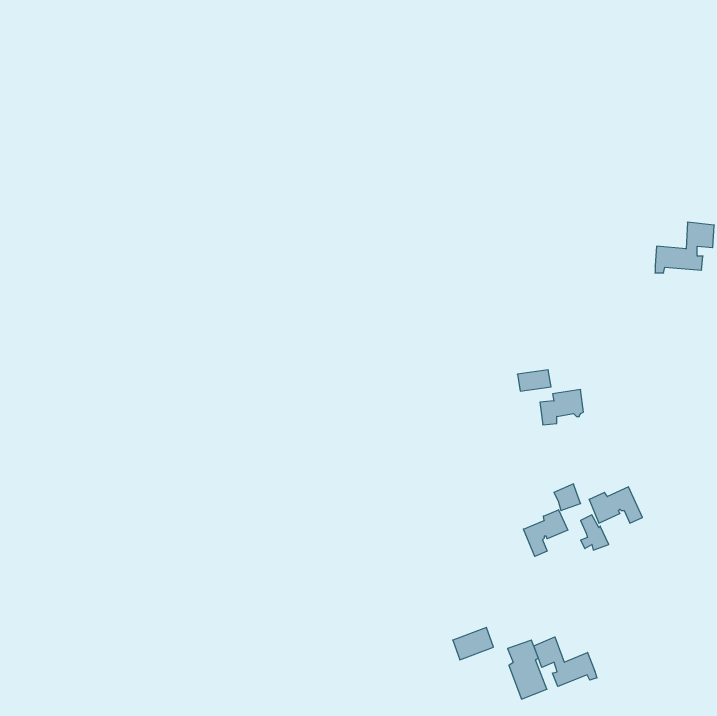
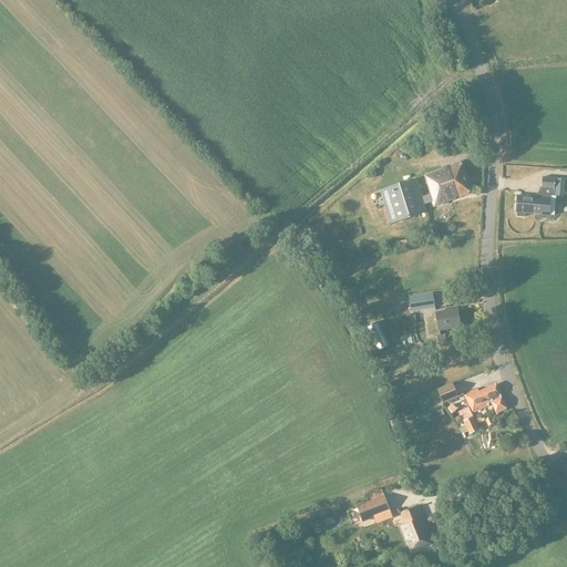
building: none -> [380,162,471,221]
building: [523,510,568,556] -> none
building: [534,637,597,686] -> none

